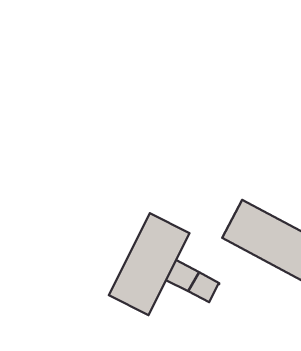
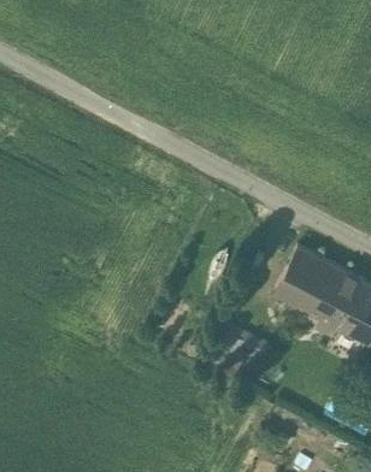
building: [109,213,189,315] -> none

